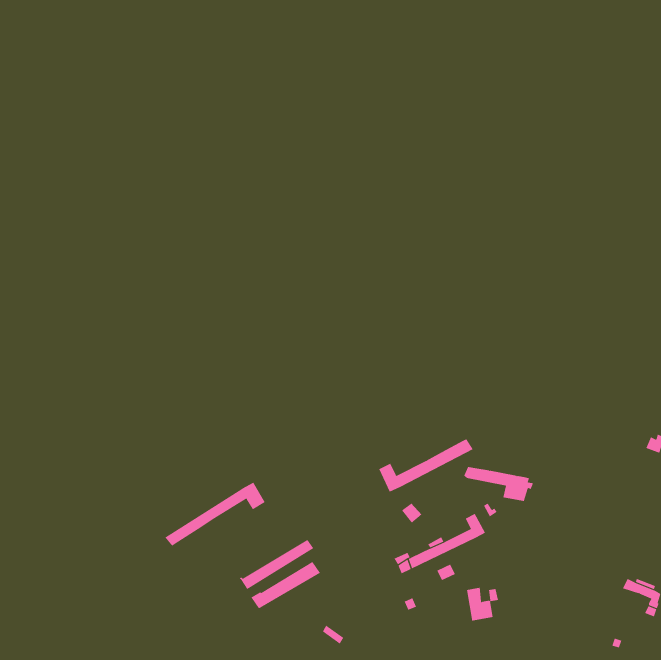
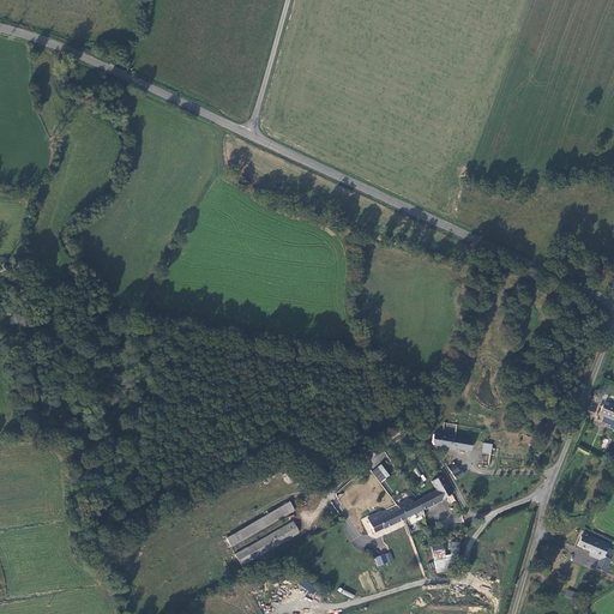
building: [378,439,474,492] -> none
building: [165,482,265,547] -> none

